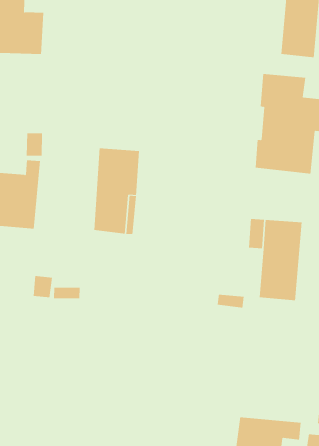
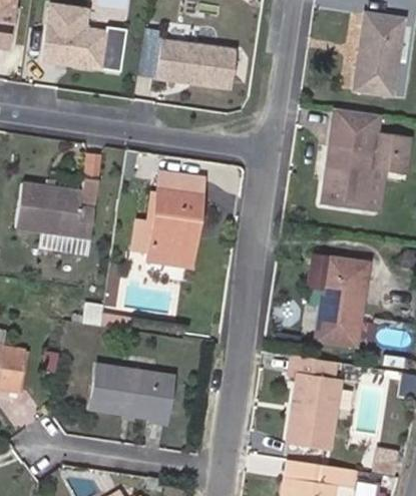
building: none -> [158,40,241,88]
building: none -> [288,356,340,446]
building: none -> [91,365,173,417]

